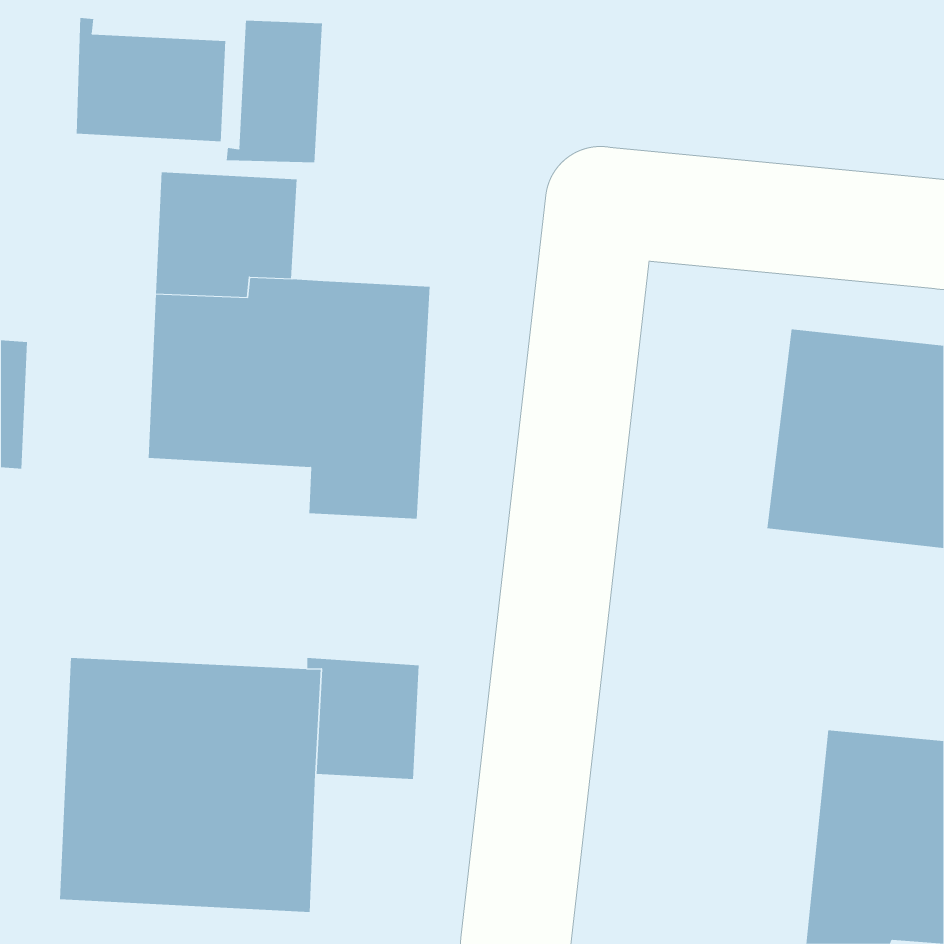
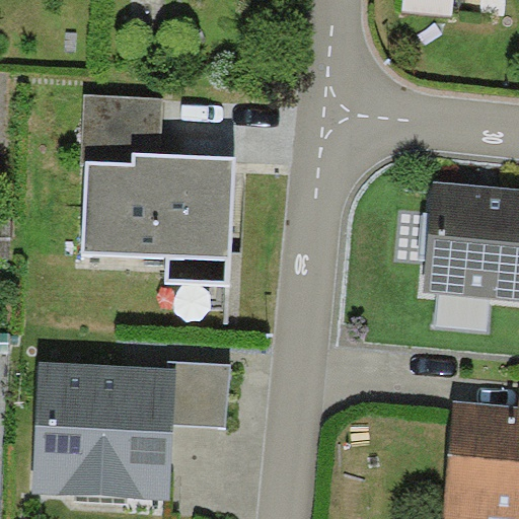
building: [76,17,226,142] -> none
building: [226,20,322,163] -> none

